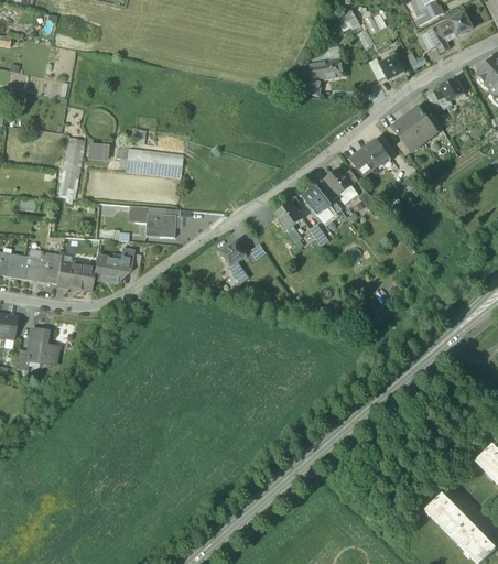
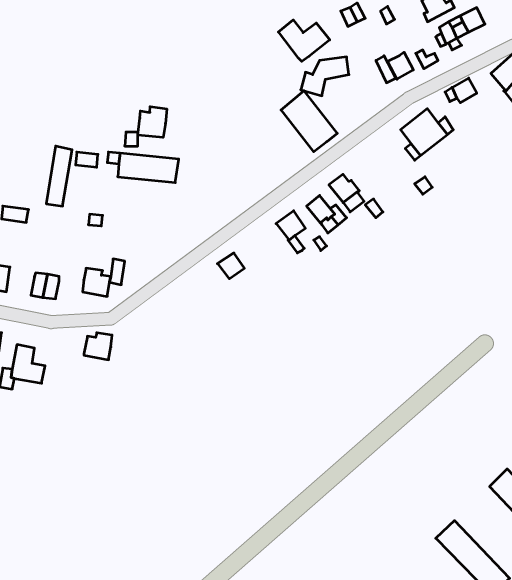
building: none -> [278,20,330,61]
building: none -> [281,91,337,152]
building: none -> [138,107,167,137]
building: [350,139,389,176] -> none
building: [144,213,175,237] -> none
building: [22,254,48,281] -> none
building: [68,264,95,290] -> [84,333,112,360]

